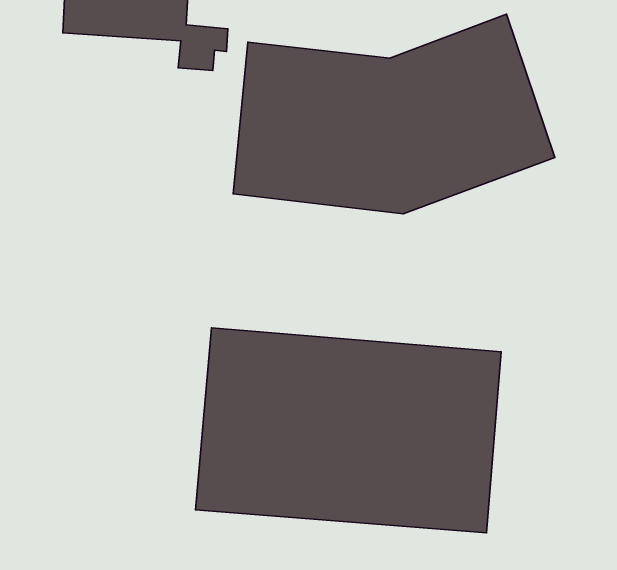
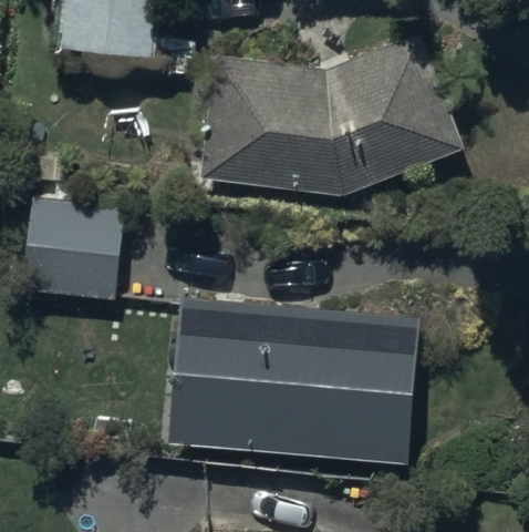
building: none -> [21,196,125,299]

